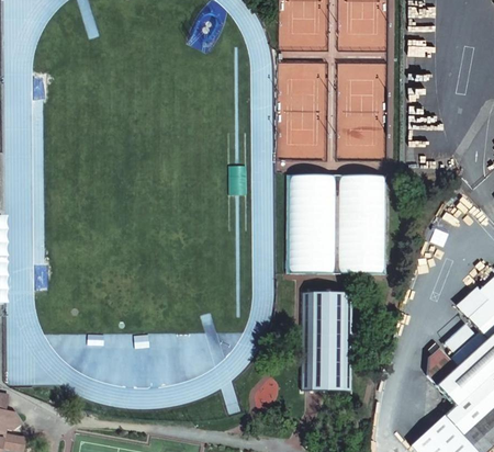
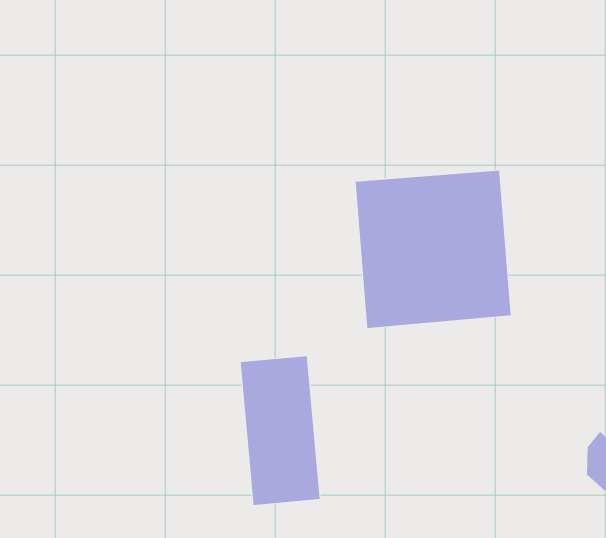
building: [305,293,351,391] -> [240,356,321,505]

